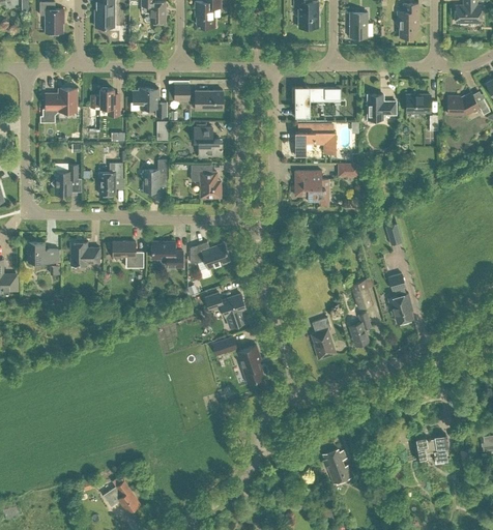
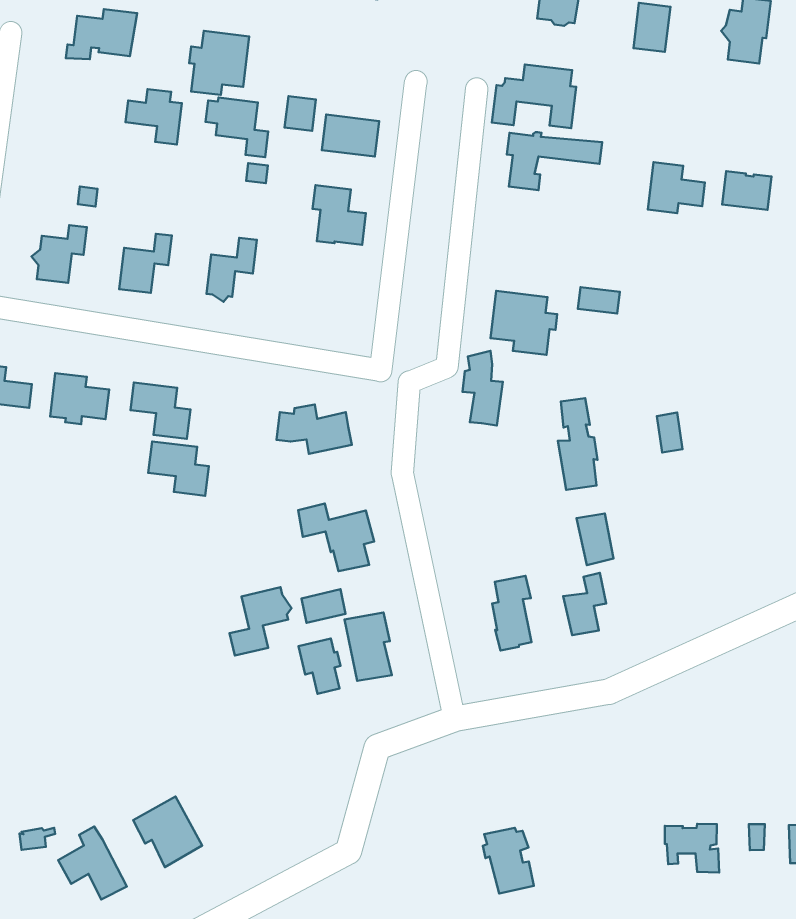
building: none -> [189,31,249,95]
building: [42,89,77,117] -> [66,9,137,59]
building: [294,124,336,156] -> [492,65,576,128]
building: [191,166,221,199] -> none
building: none -> [463,351,503,425]
building: [151,242,182,267] -> [148,441,209,496]
building: [388,274,412,323] -> [558,398,598,490]
building: none -> [229,587,292,656]
building: none -> [298,639,341,694]
building: none -> [133,797,202,867]

